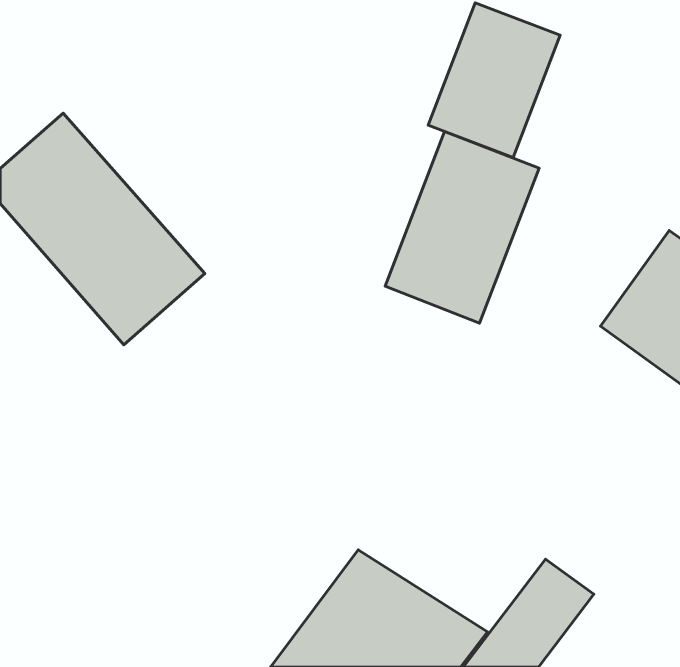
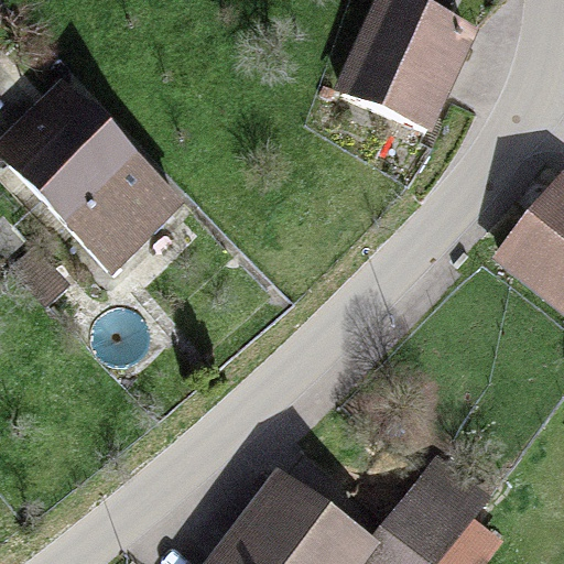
building: [385,132,539,323] -> none

